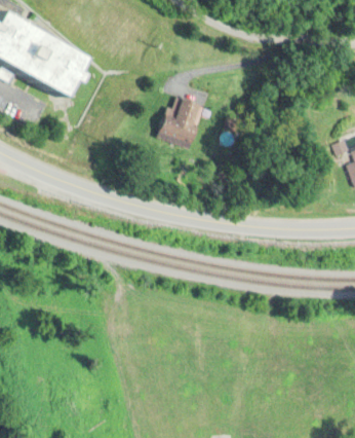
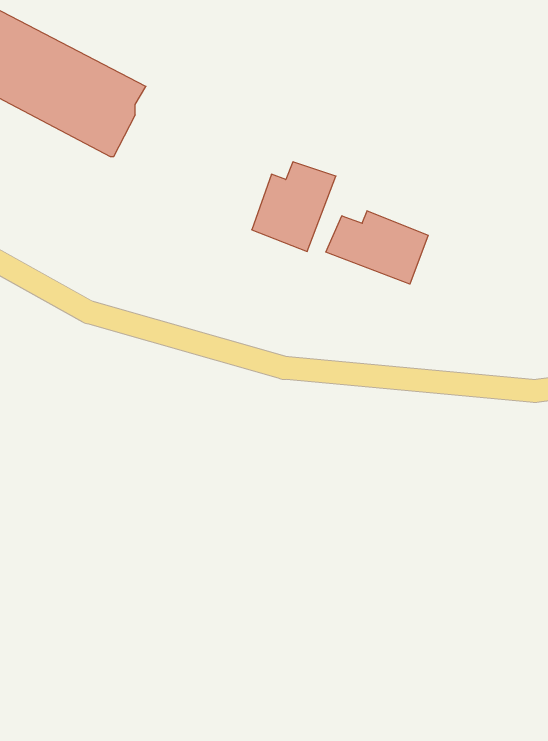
building: none -> [326,211,428,284]

